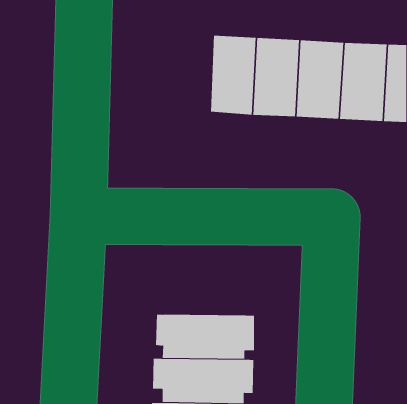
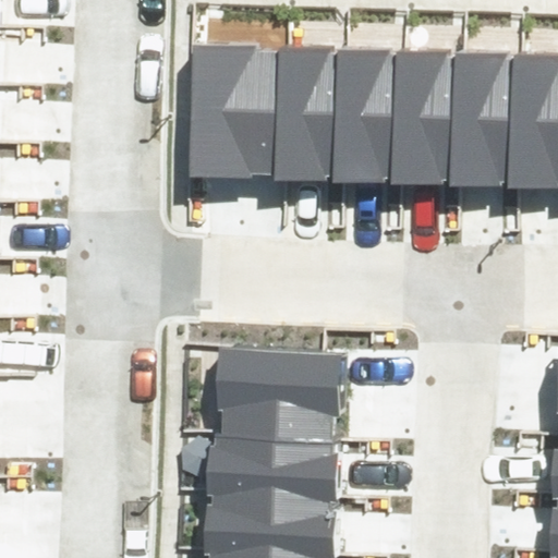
building: none -> [195,52,284,167]
building: none -> [208,352,341,438]

